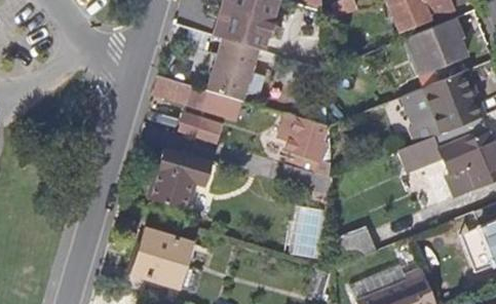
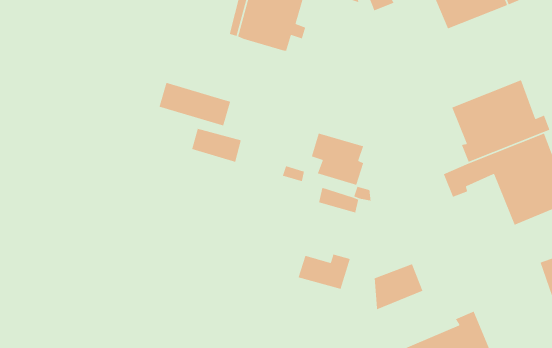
building: [406,20,467,75] -> none
building: [211,38,260,100] -> none
building: [149,148,215,207] -> none
building: [138,231,198,289] -> none

